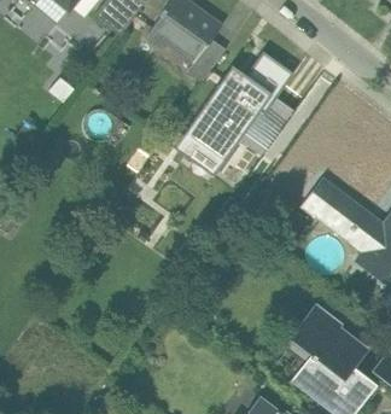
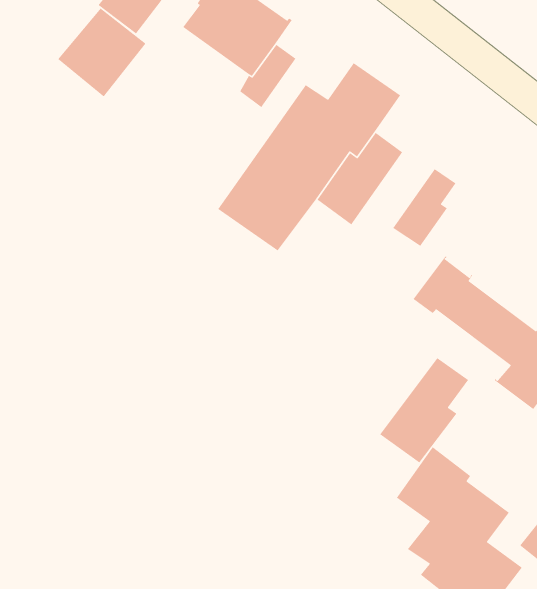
building: none -> [57,7,147,97]
building: none -> [392,168,456,247]
building: none -> [379,357,469,464]

